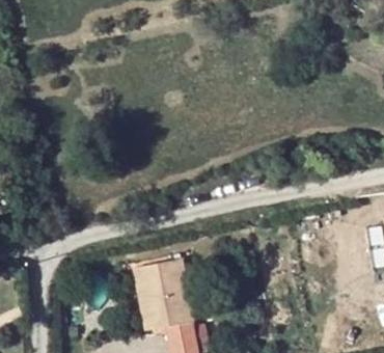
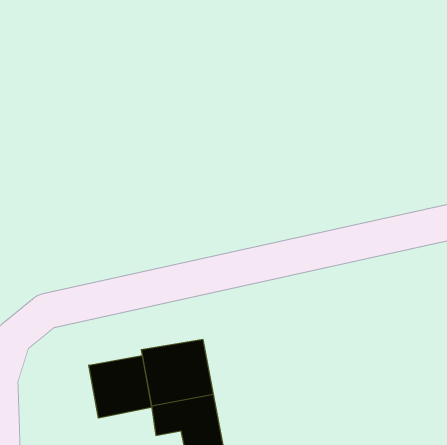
building: none -> [89,356,152,418]

